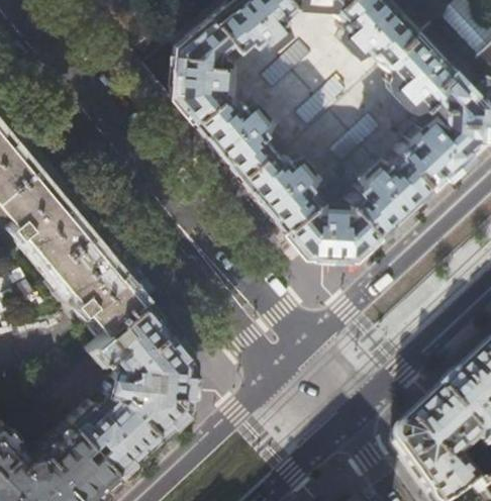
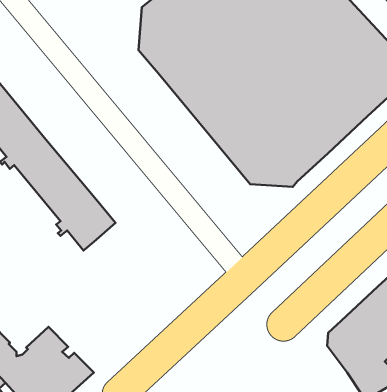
building: [65,301,192,477] -> none

